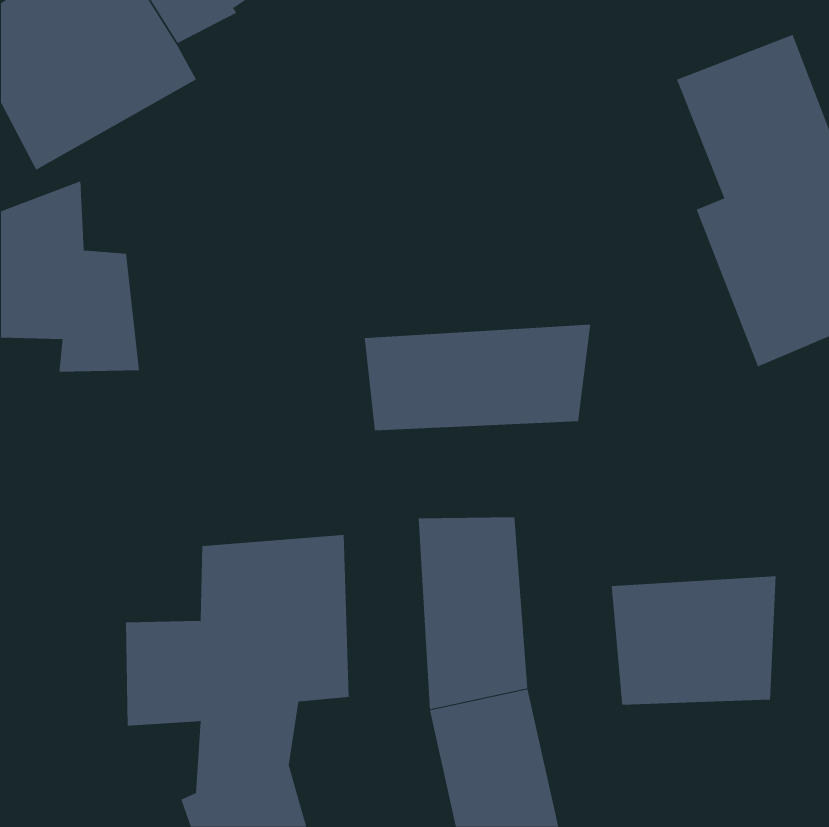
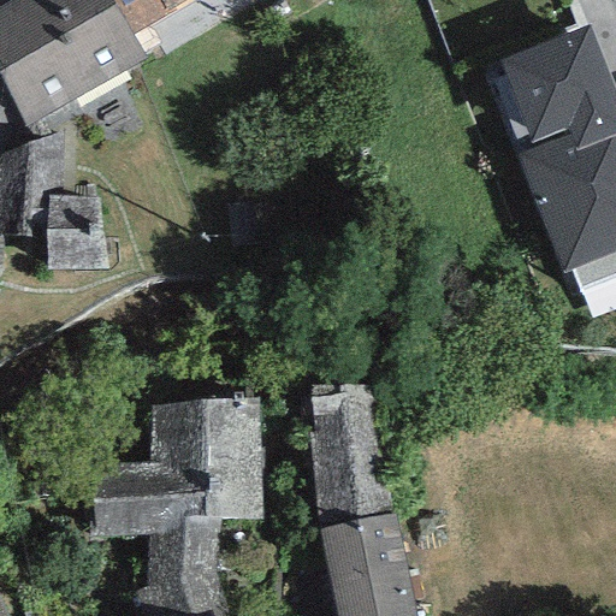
building: [364,324,591,431] -> none
building: [611,576,776,705] -> none

